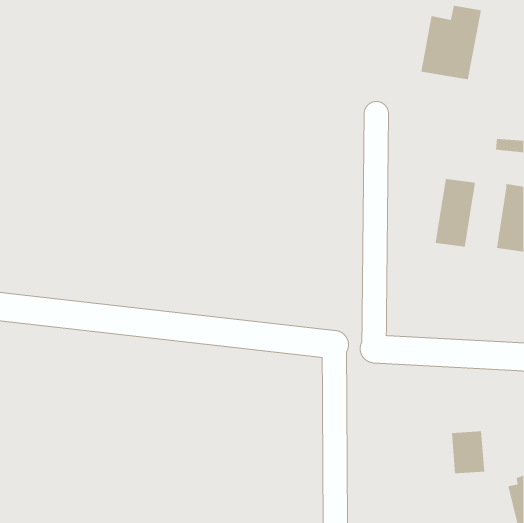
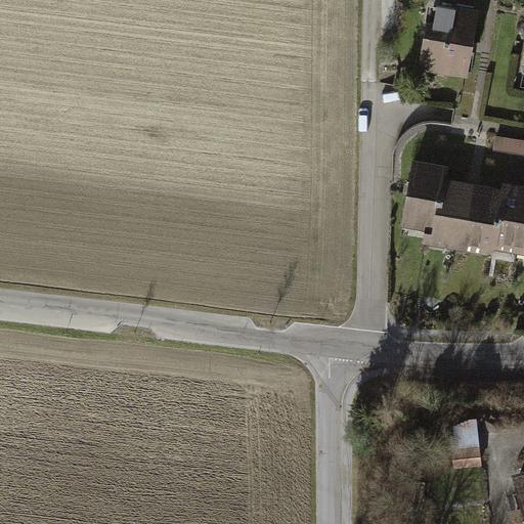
building: none -> [403,162,446,230]
building: none -> [465,183,505,253]

